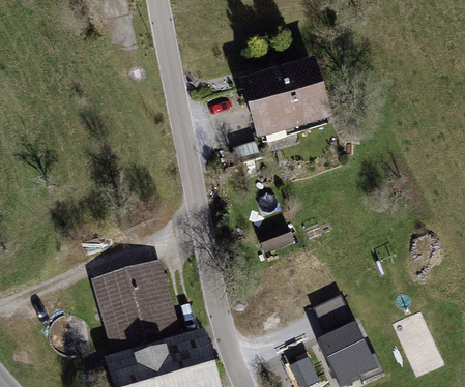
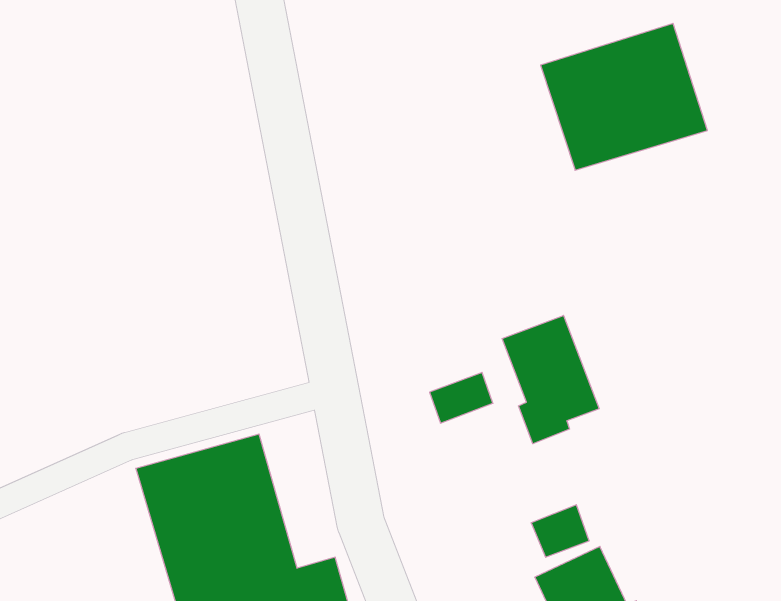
building: [239,56,335,140] -> [541,23,707,170]
building: none -> [502,315,599,444]

